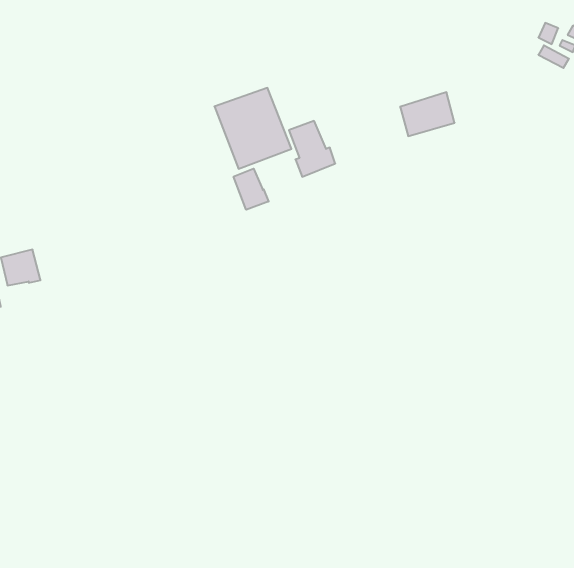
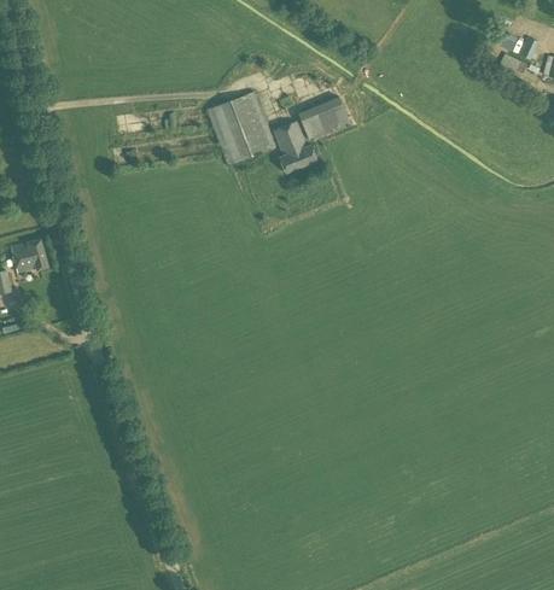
building: [400,92,455,136] -> [304,95,354,135]
building: [234,169,269,210] -> none

